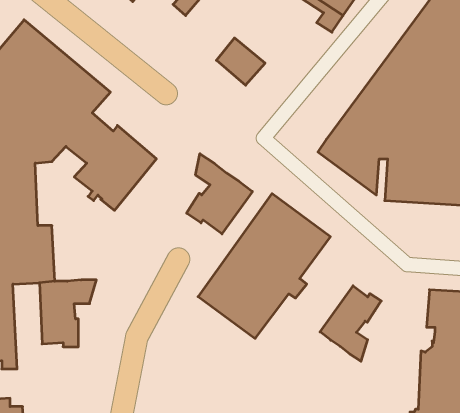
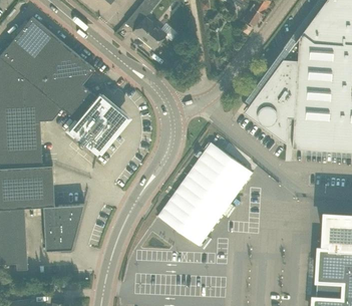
building: [216,38,265,85] -> [132,17,167,51]
building: [187,154,252,234] -> none
building: [320,286,381,361] -> none

